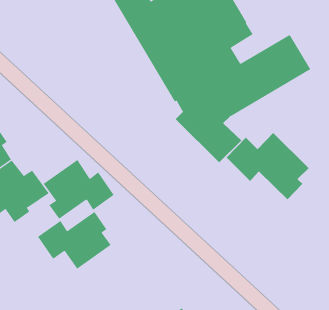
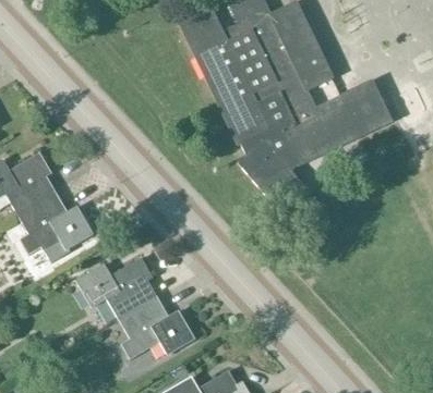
building: [226,132,310,200] -> none
building: [43,159,114,219] -> [116,295,193,359]

